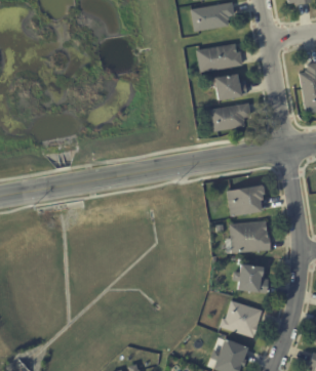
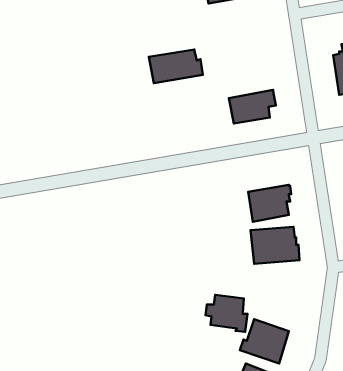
building: [196,44,242,73] -> [149,50,203,83]
building: [214,75,247,102] -> none
building: [233,262,269,294] -> [206,295,247,332]

